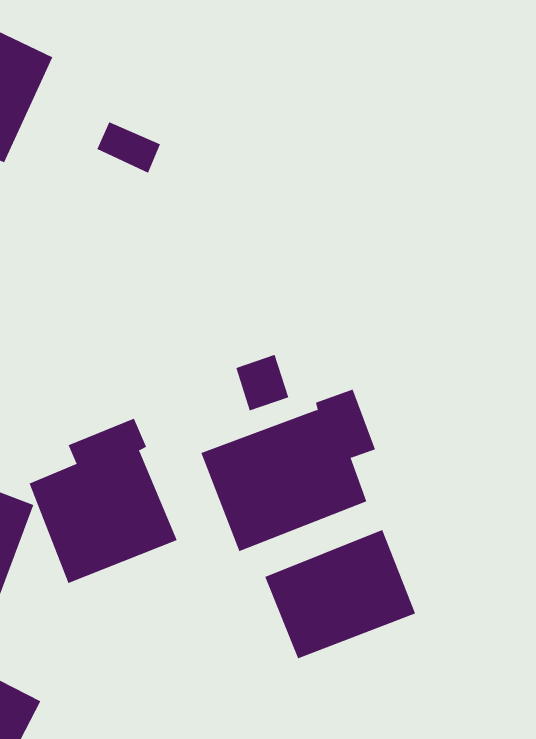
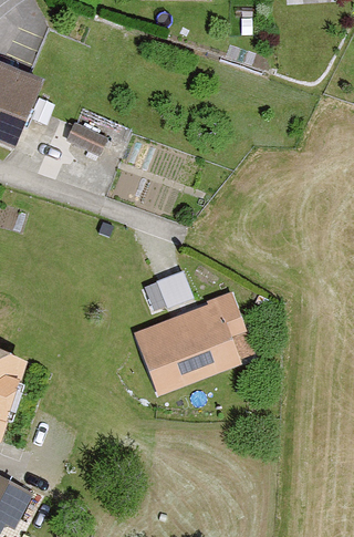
building: [29,418,177,584] -> none
building: [264,529,416,659] -> none

